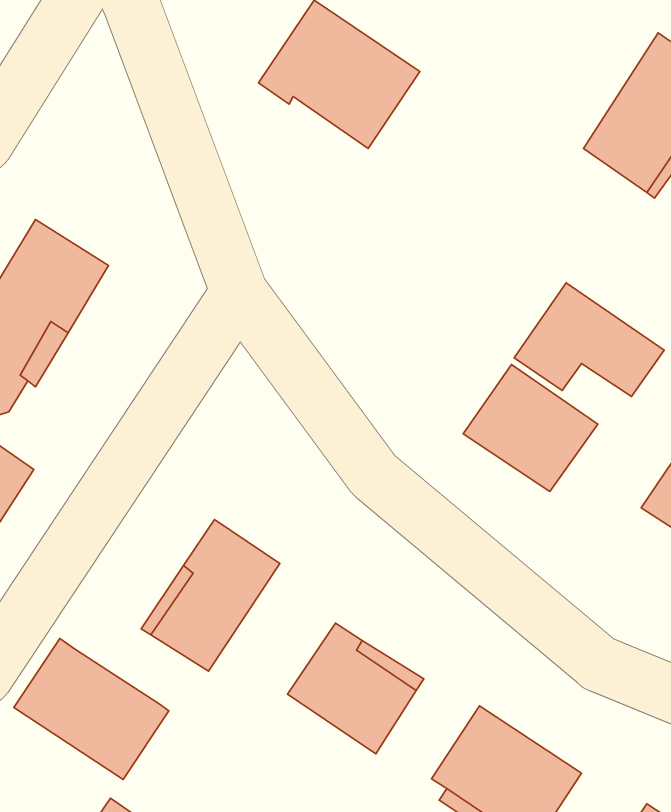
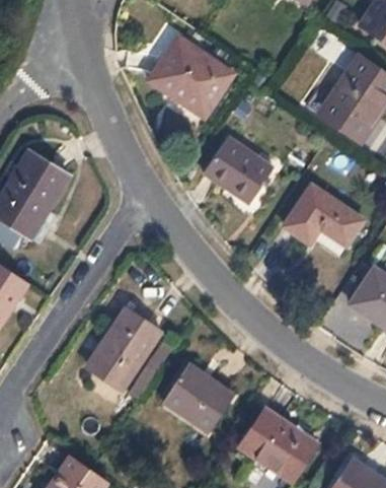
building: [463,365,598,491] -> [203,136,274,203]
building: [14,638,169,780] -> none

